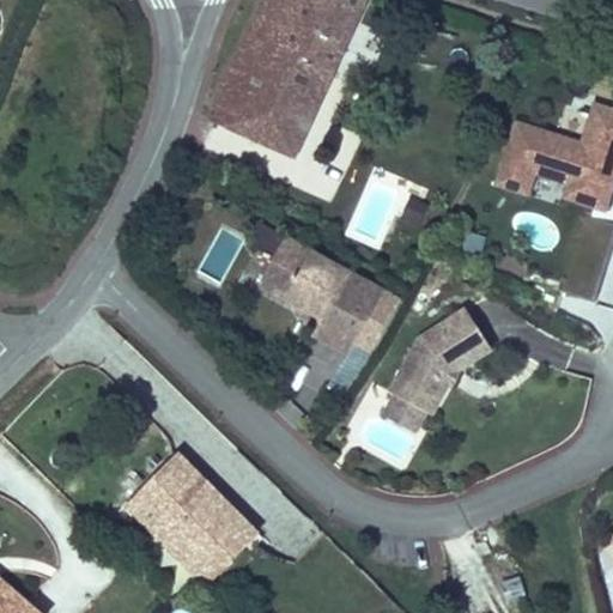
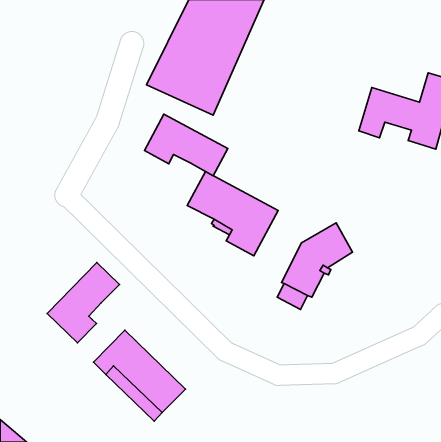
building: none -> [144,114,228,176]
building: none -> [47,262,120,343]

